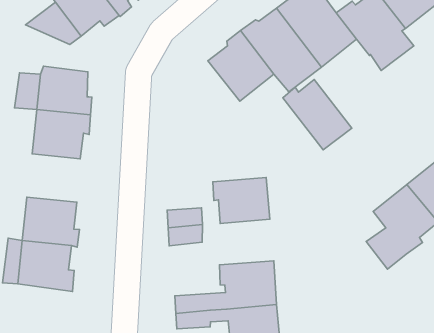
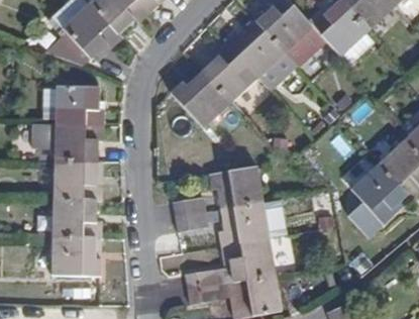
building: none -> [172,71,230,127]
building: [283,79,352,150] -> none
building: none -> [54,162,101,201]
building: none -> [220,202,270,244]

